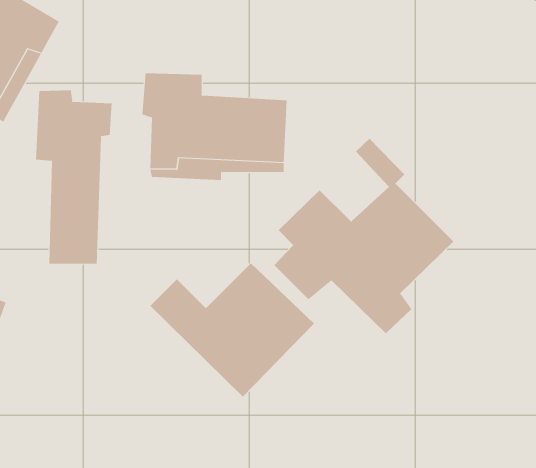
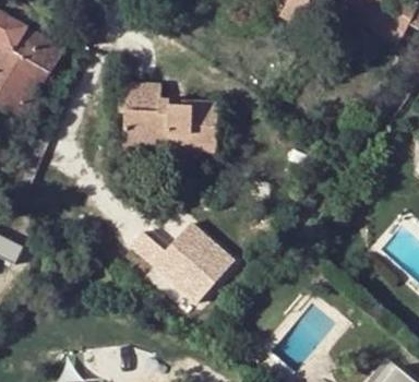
building: [36,89,112,265] -> none
building: [273,138,454,334] -> none

